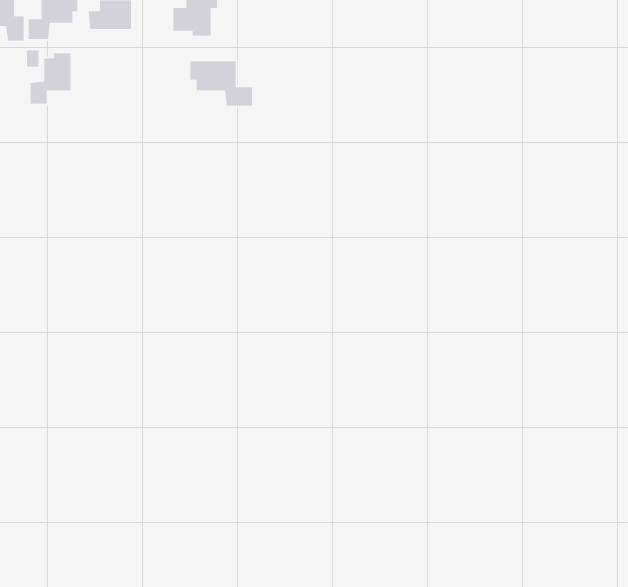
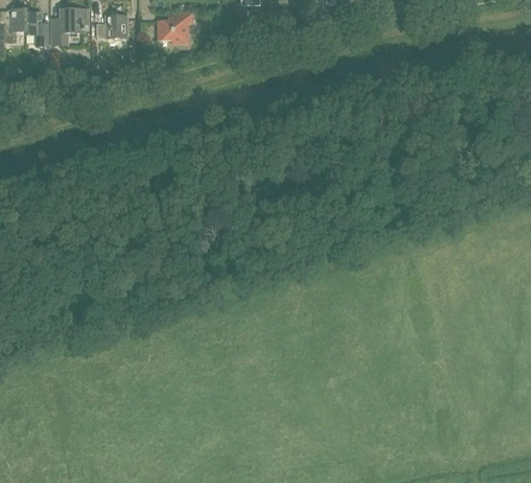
building: [30,52,71,104] -> none
building: [190,61,253,107] -> none

